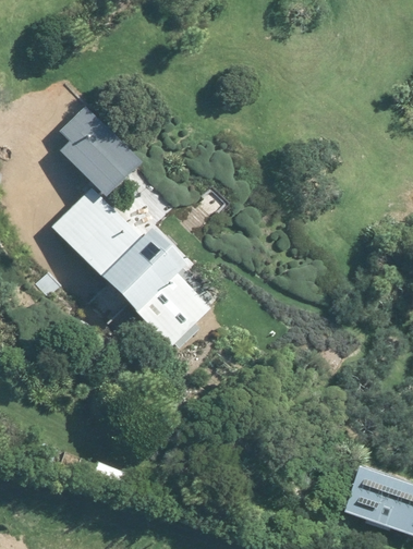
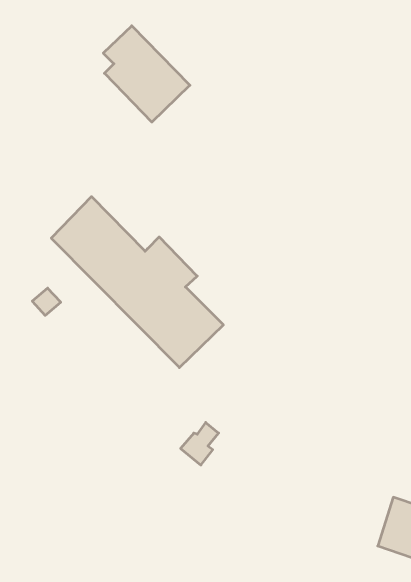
building: [59,109,138,197] -> [103,26,190,122]

